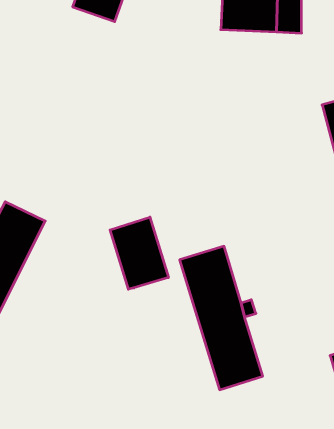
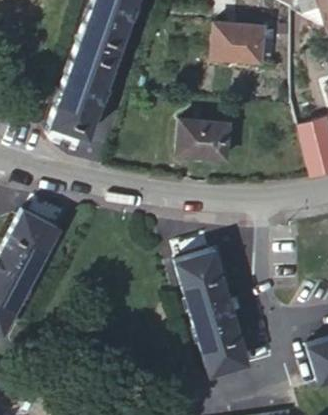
building: none -> [51,40,119,137]
building: none -> [181,120,231,159]
building: [110,217,168,289] -> none

